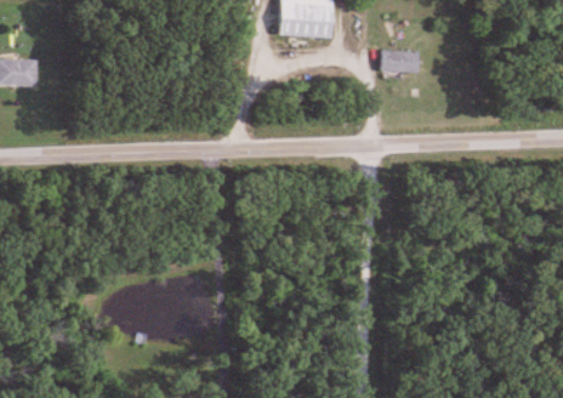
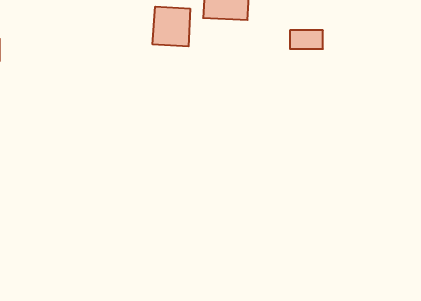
building: none -> [153,7,190,46]

